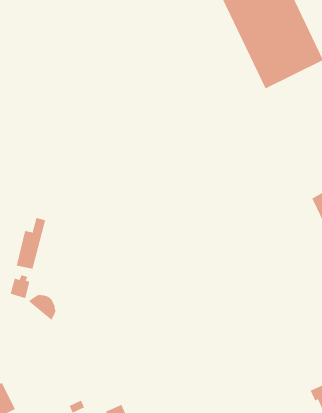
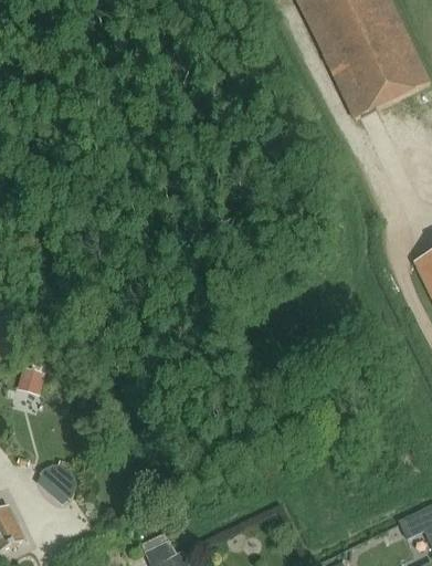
building: [16,217,46,270] -> none
building: [29,295,56,321] -> [39,464,75,499]

